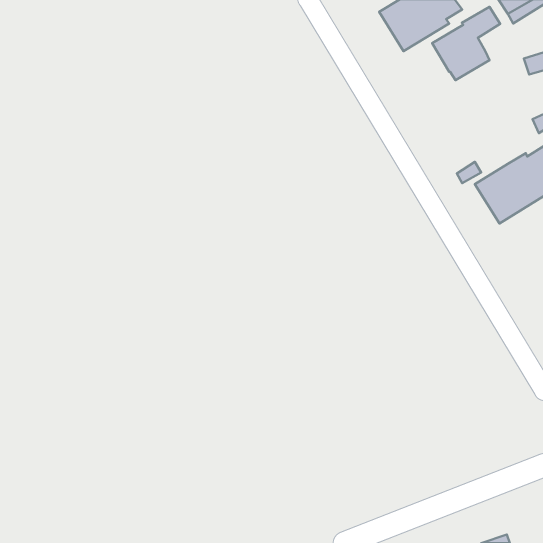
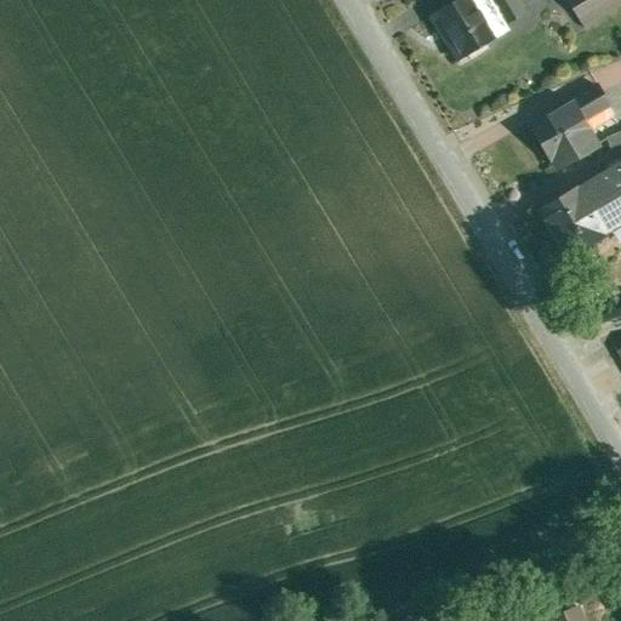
building: [432,7,500,80] -> [534,84,611,167]

